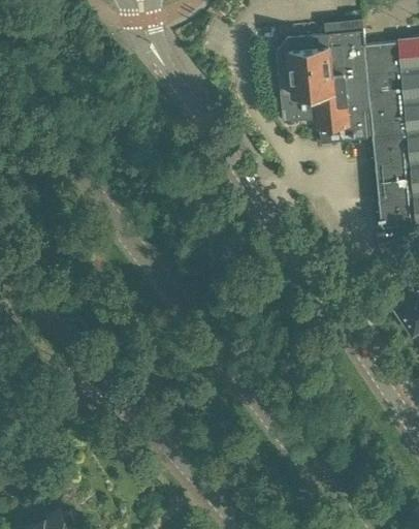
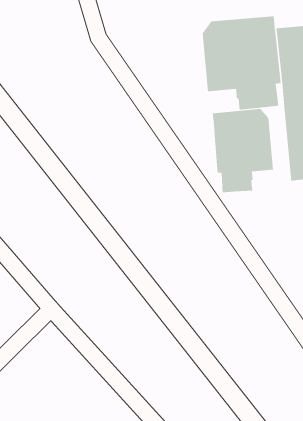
building: none -> [212,108,274,193]

